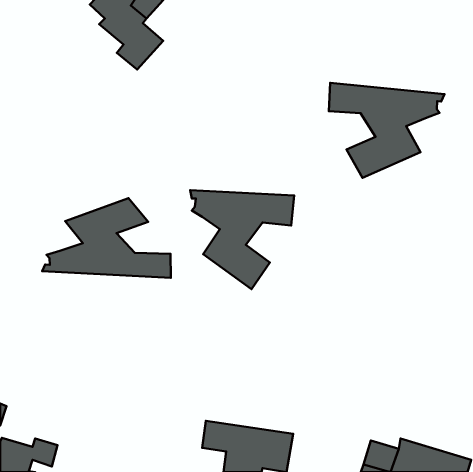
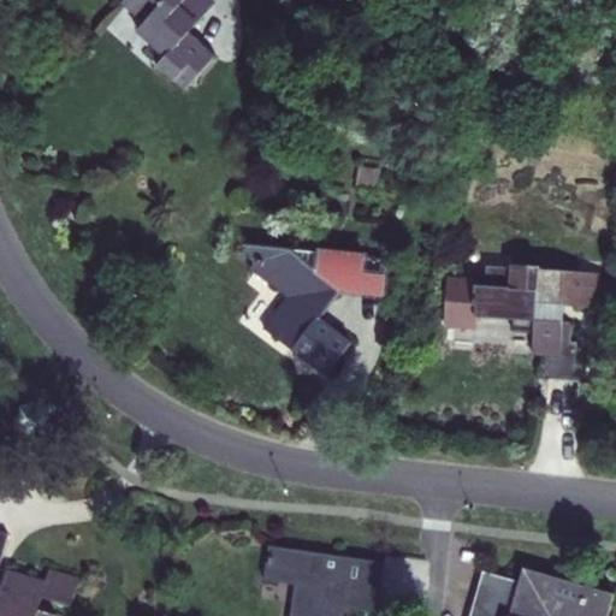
building: [329,83,444,178] -> none
building: [42,198,171,278] -> none
building: none -> [446,265,596,369]

